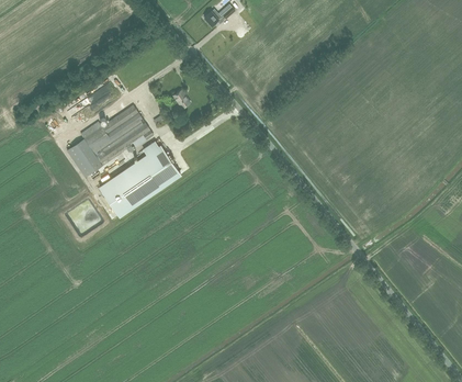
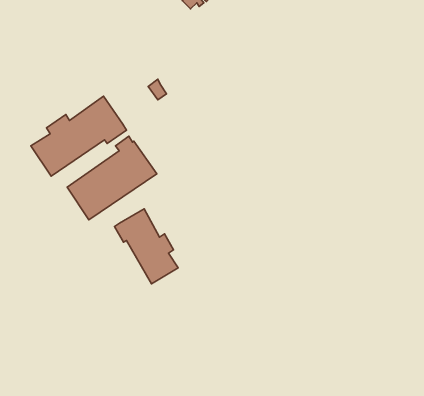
building: none -> [114,209,178,284]

